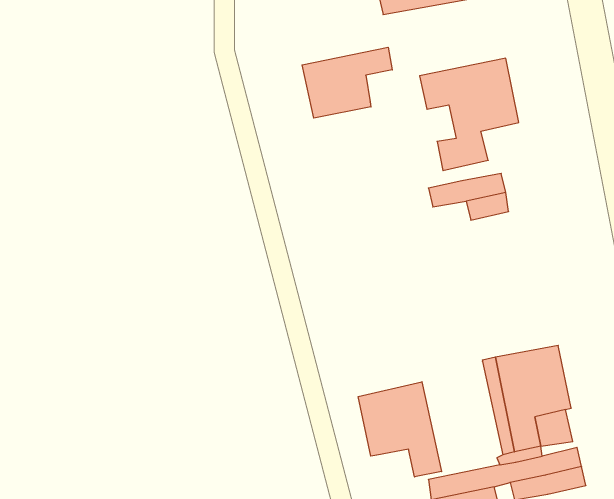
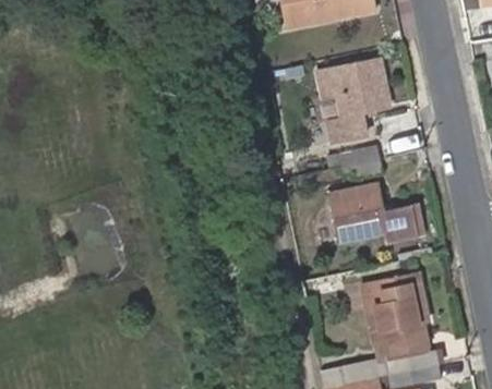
building: [302,47,392,118] -> none
building: none -> [332,183,418,240]
building: [358,382,442,477] -> none

